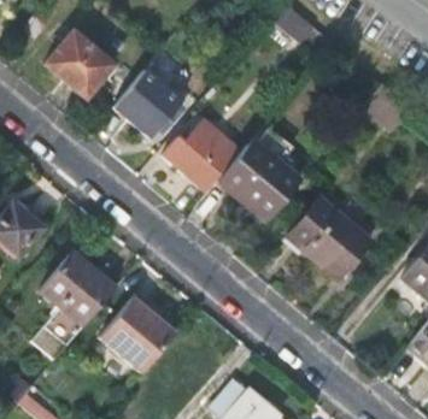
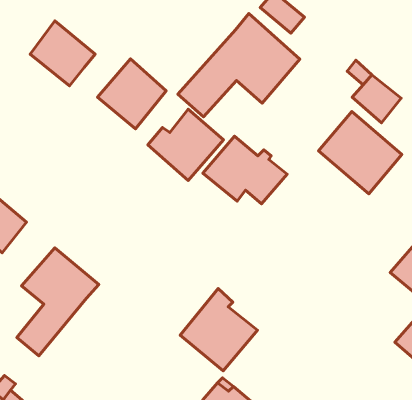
building: none -> [178,13,300,117]
building: [289,196,371,277] -> [319,112,402,194]
building: [101,291,177,372] -> [180,289,257,371]

